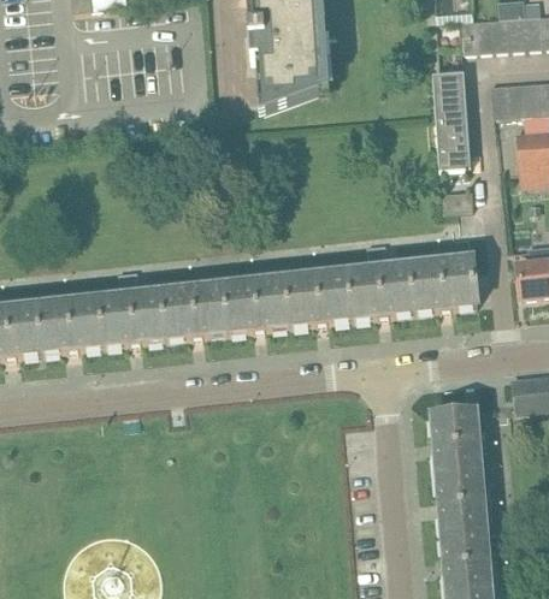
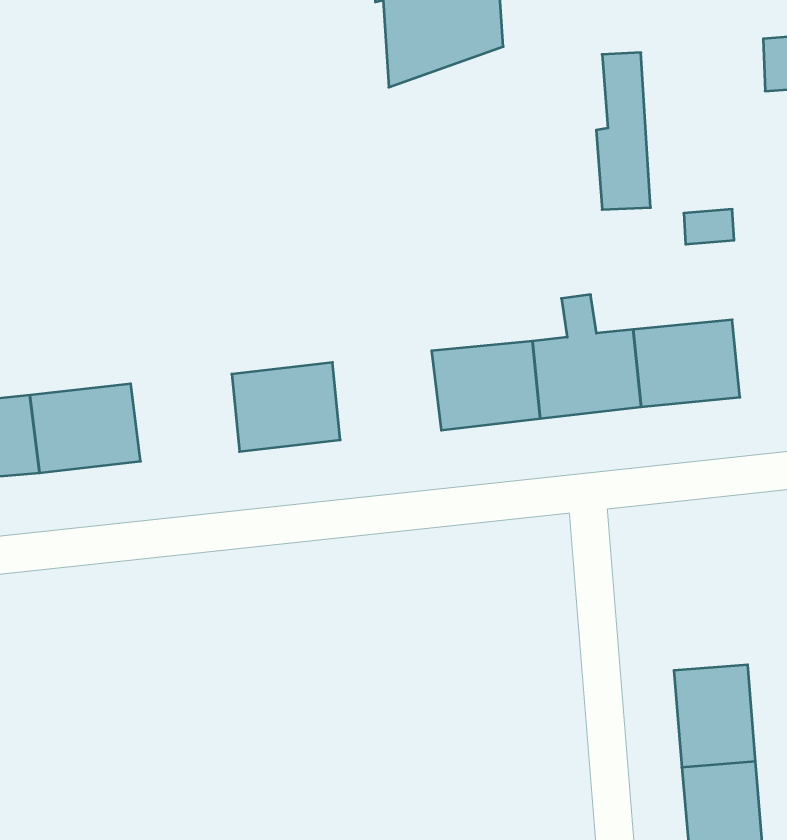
building: [436,71,470,168] -> [596,53,651,210]
building: [99,268,166,344] -> none
building: [224,275,291,331] -> none
building: [431,409,482,474] -> none

